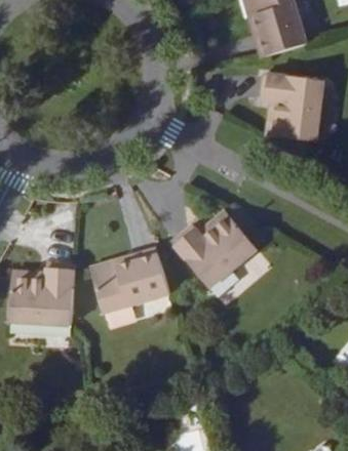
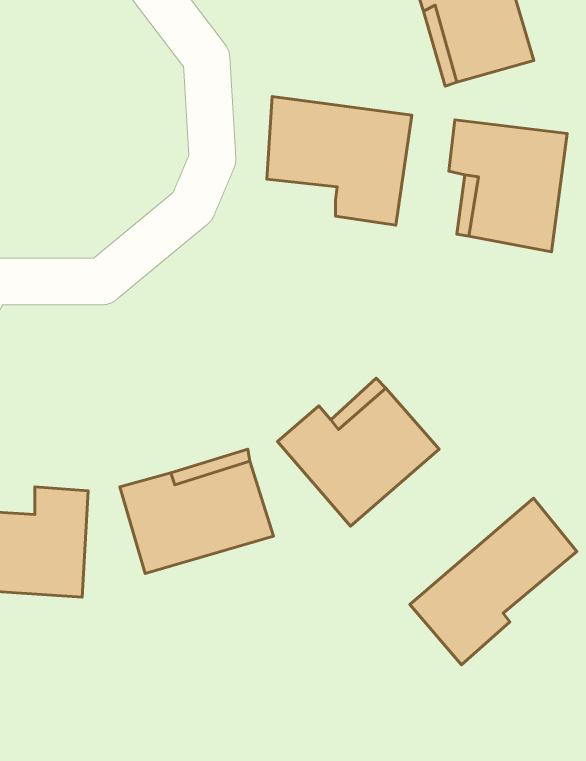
building: none -> [267,97,412,225]
building: none -> [410,498,577,665]

